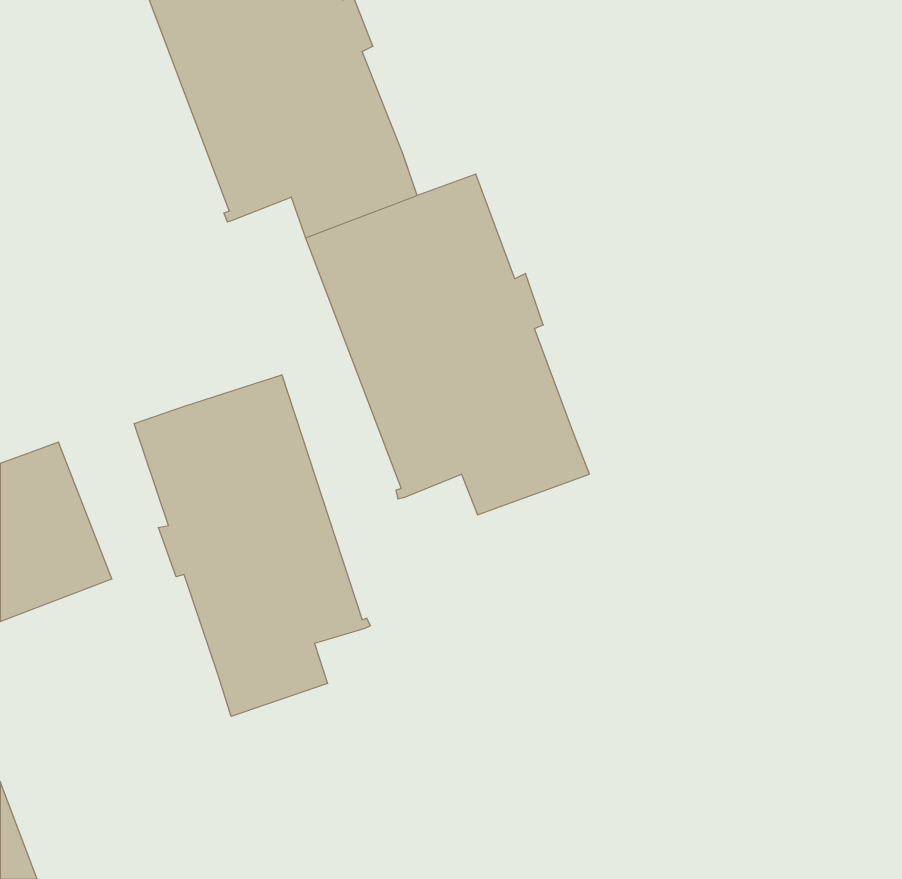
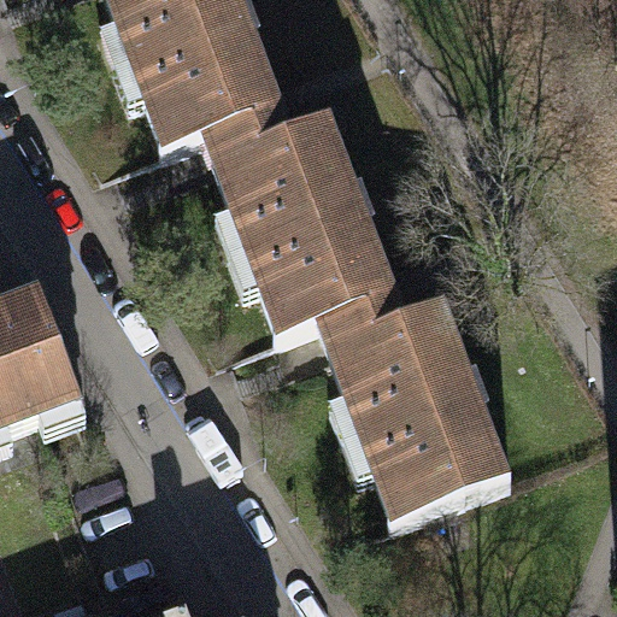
building: [134,375,370,716] -> none
building: none -> [328,306,510,527]

